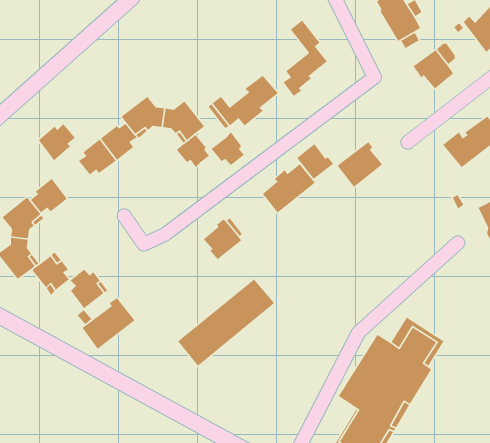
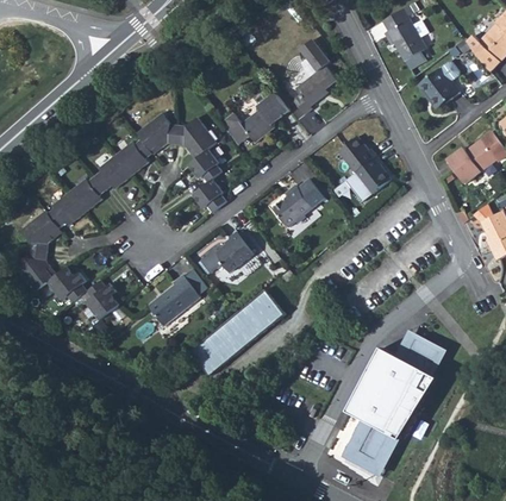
building: [38,123,76,161] -> [68,176,105,213]
building: [210,132,245,166] -> [192,179,225,212]
building: [296,143,334,180] -> [338,137,375,173]
building: [81,297,135,350] -> [148,275,200,326]

